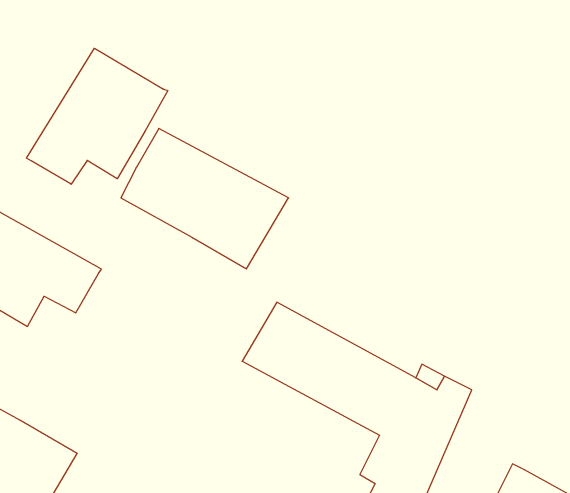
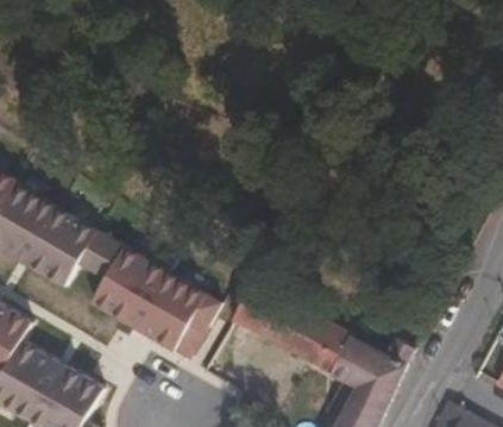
building: [26,48,168,184] -> none
building: [121,128,289,269] -> [92,250,224,360]

